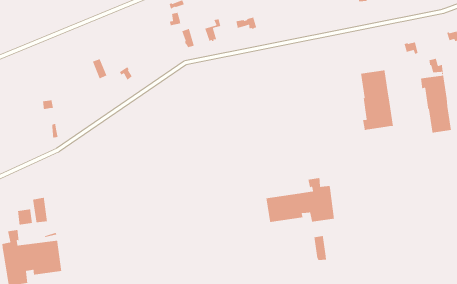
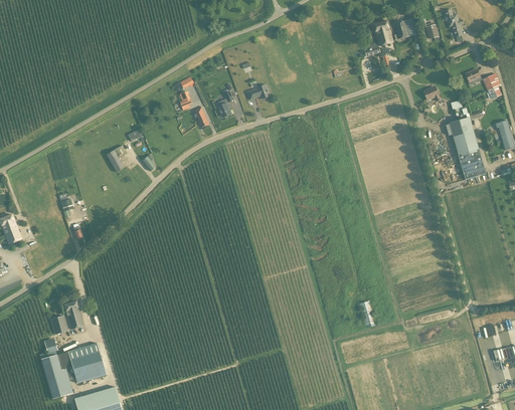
building: [360,70,394,131] -> none
building: [265,177,335,223] -> none

